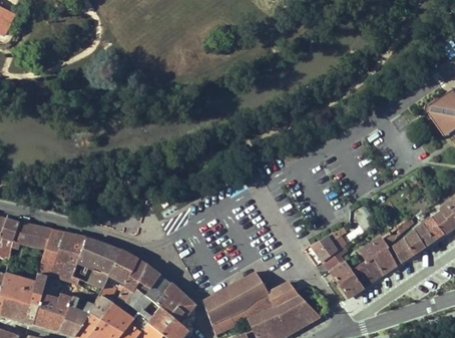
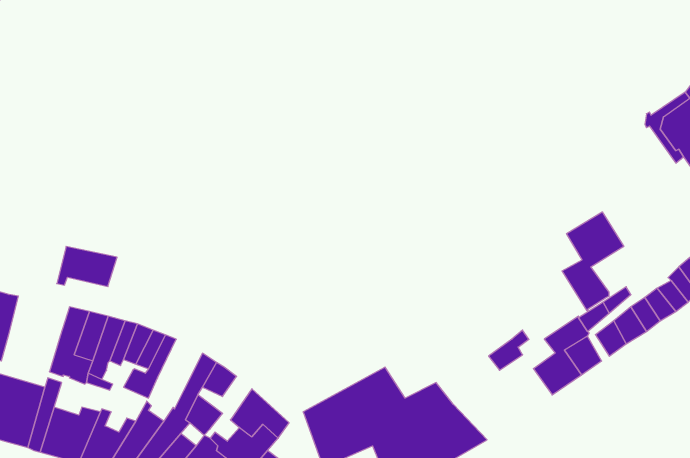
building: none -> [562,212,624,311]
building: [12,222,51,248] -> [57,246,117,287]
building: [311,225,346,261] -> none
building: [108,250,137,283] -> none
building: [330,260,364,297] -> none
building: [134,274,169,302] -> none

